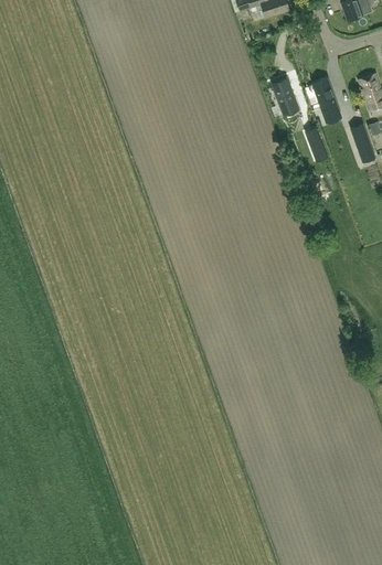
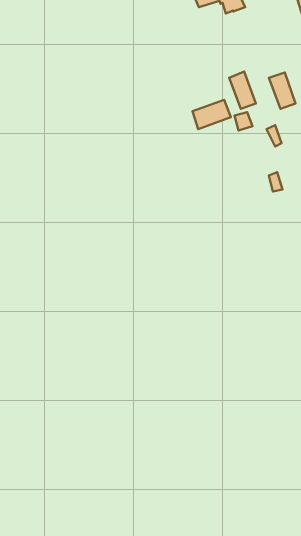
building: none -> [193,100,231,129]

